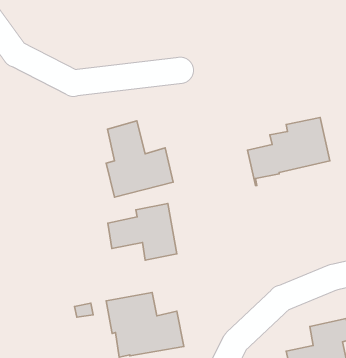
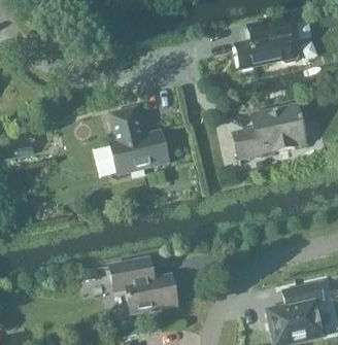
building: none -> [235,21,298,68]
building: [108,203,177,260] -> none

